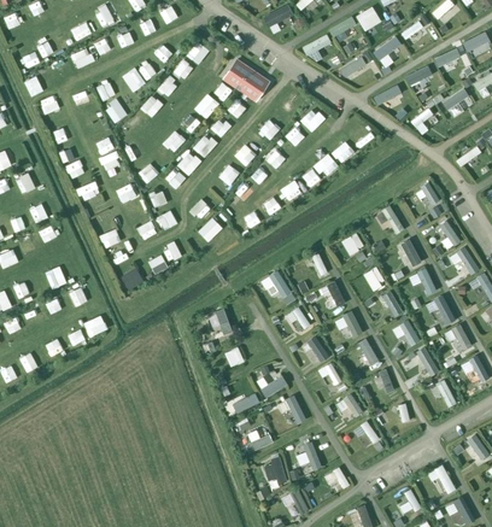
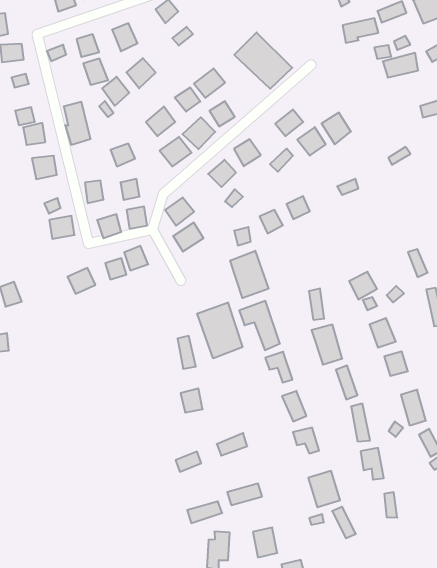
building: none -> [230,251,269,298]
building: none -> [197,302,242,358]

